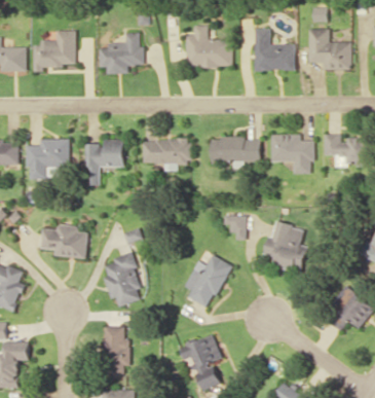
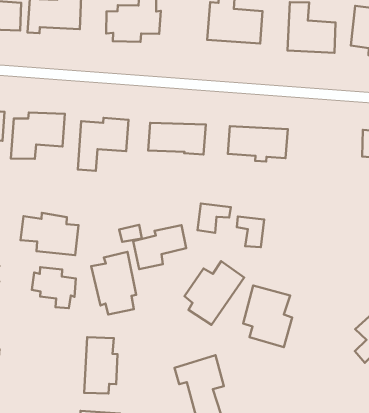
building: [270,135,312,174] -> none
building: none -> [198,204,231,233]
building: [265,222,306,273] -> [243,285,292,347]
building: none -> [133,225,186,269]
building: none -> [32,267,76,308]

